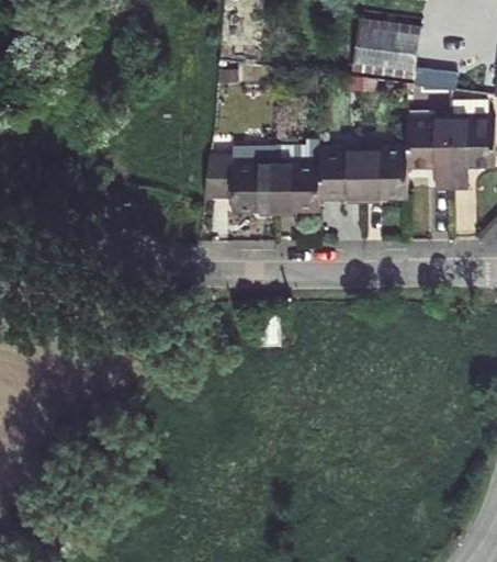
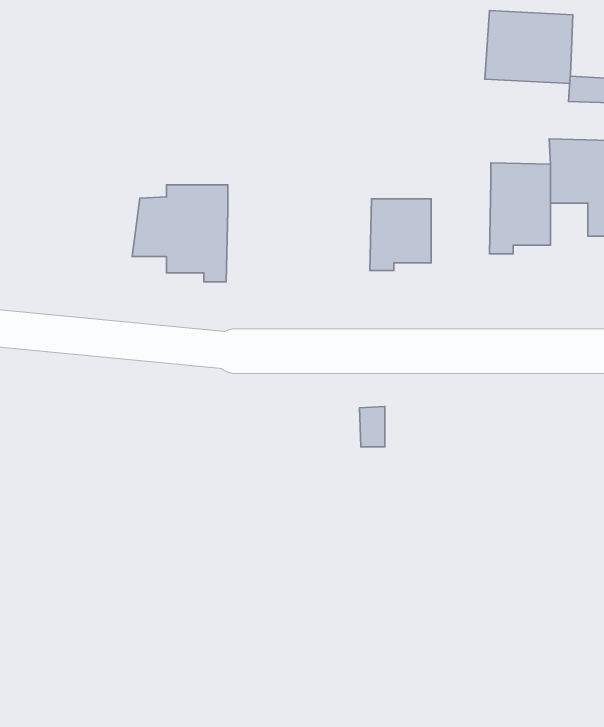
building: [203,143,273,214] -> [132,185,228,282]
building: [317,148,361,202] -> none

